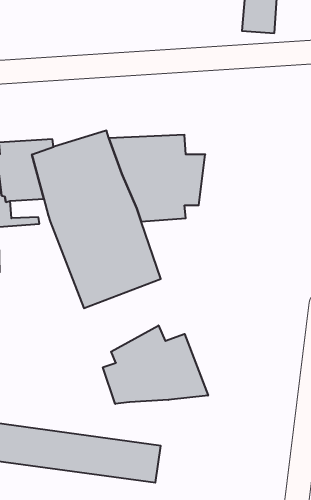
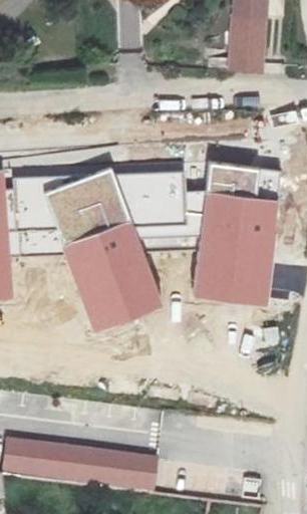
building: none -> [190,163,278,305]
building: [103,325,208,404] -> none

